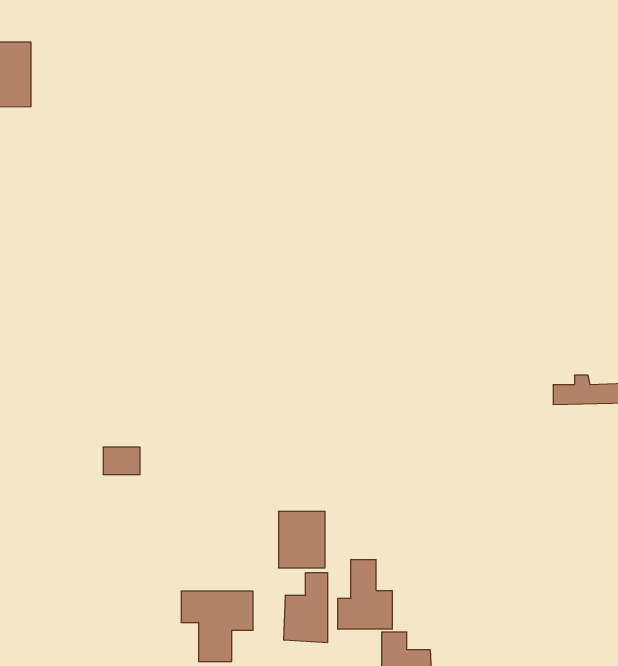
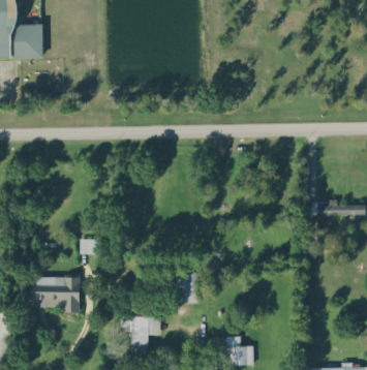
building: none -> [31,276,80,310]
building: [338,559,392,629] -> none
building: [284,573,327,643] -> none

